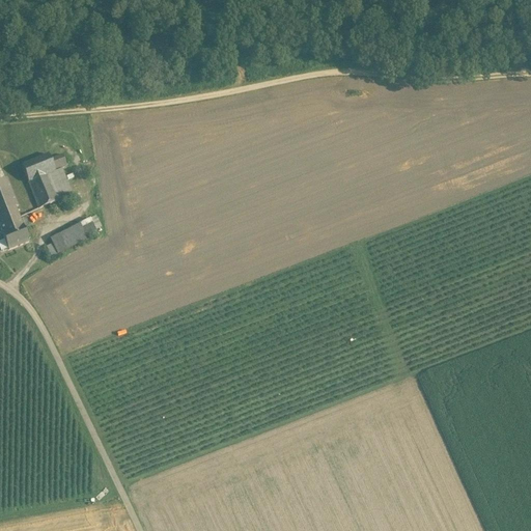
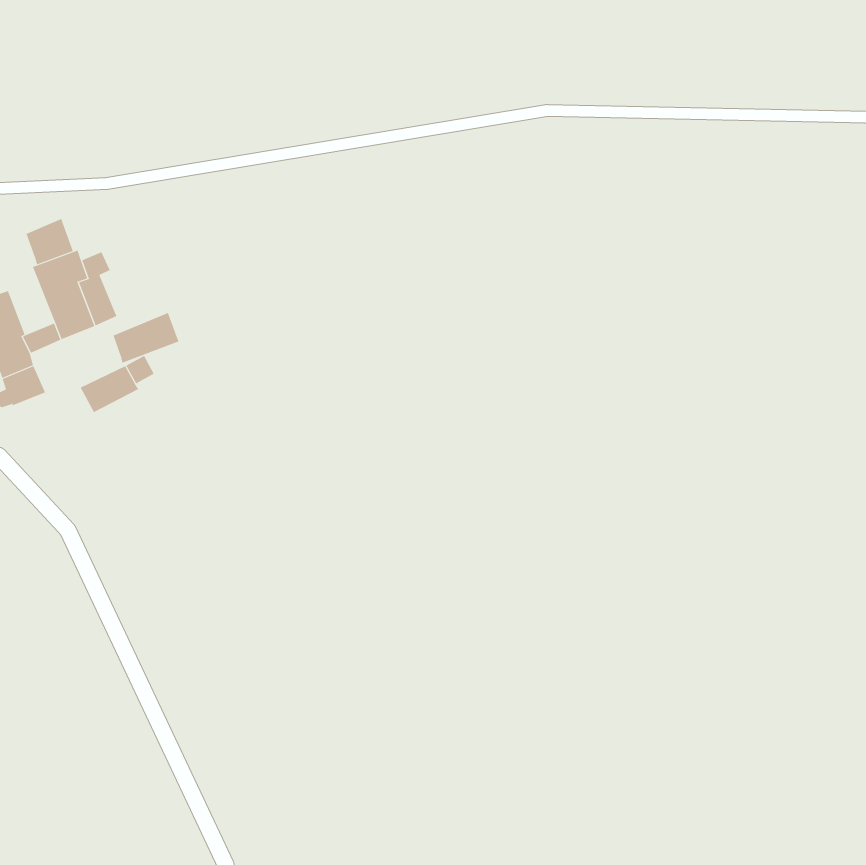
building: none -> [26,218,74,265]
building: none -> [113,312,179,364]

